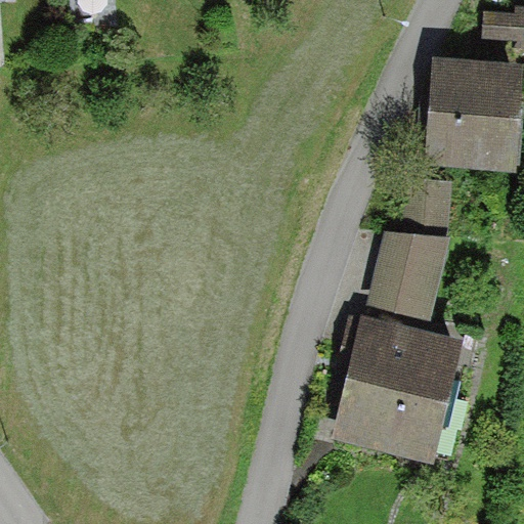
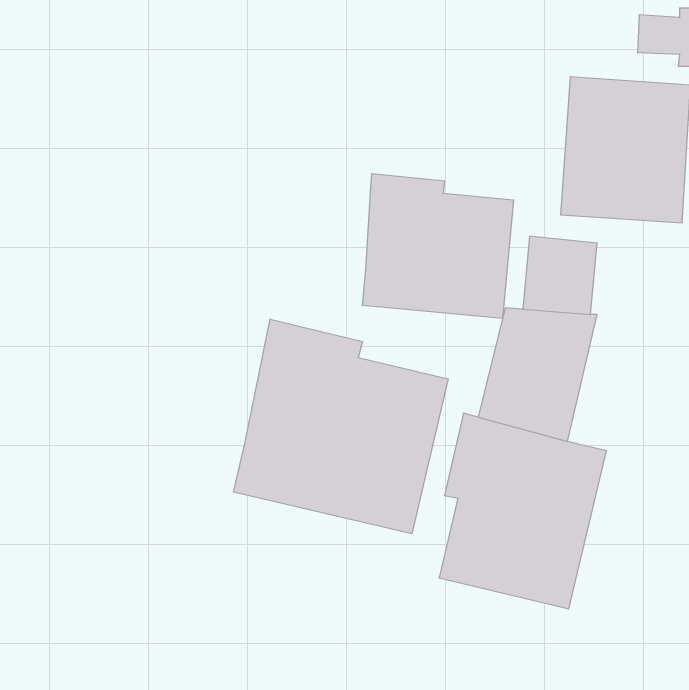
building: none -> [363,174,514,318]
building: none -> [234,319,448,534]

